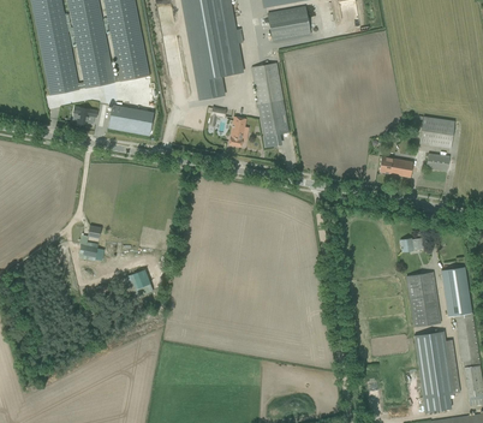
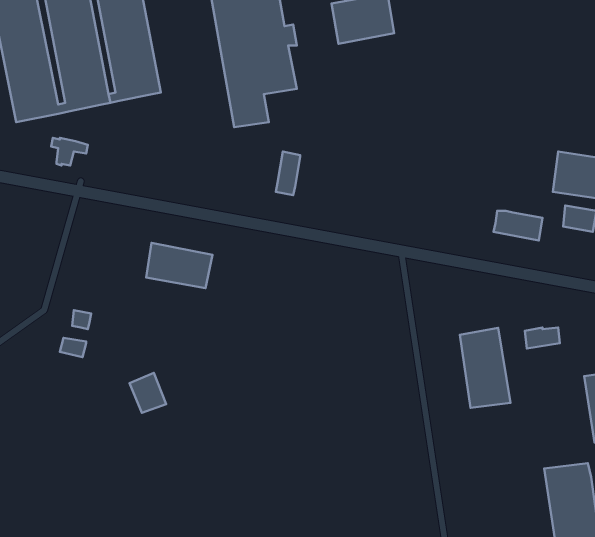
building: [251,61,288,136] -> none
building: [108,103,154,135] -> [146,243,212,288]
building: [406,270,441,326] -> [460,328,510,408]

